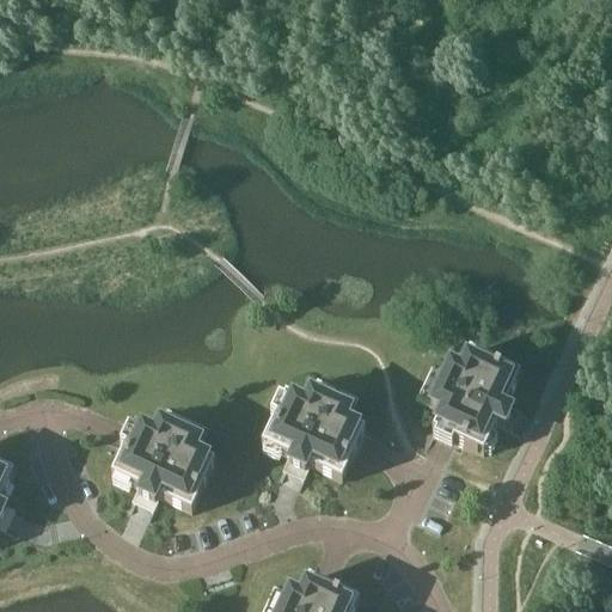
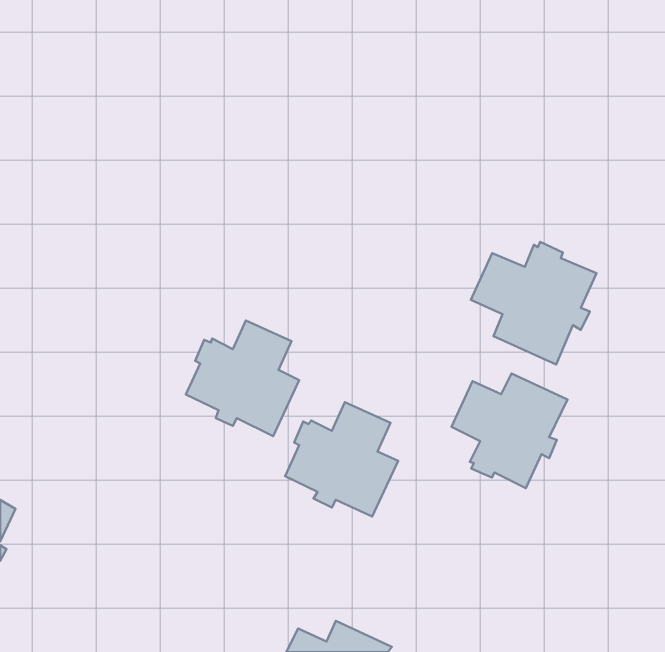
building: none -> [471,242,597,364]
building: [111,400,215,507] -> [186,320,299,436]

